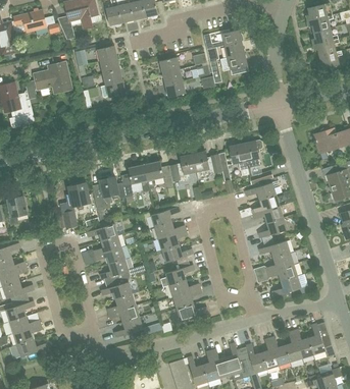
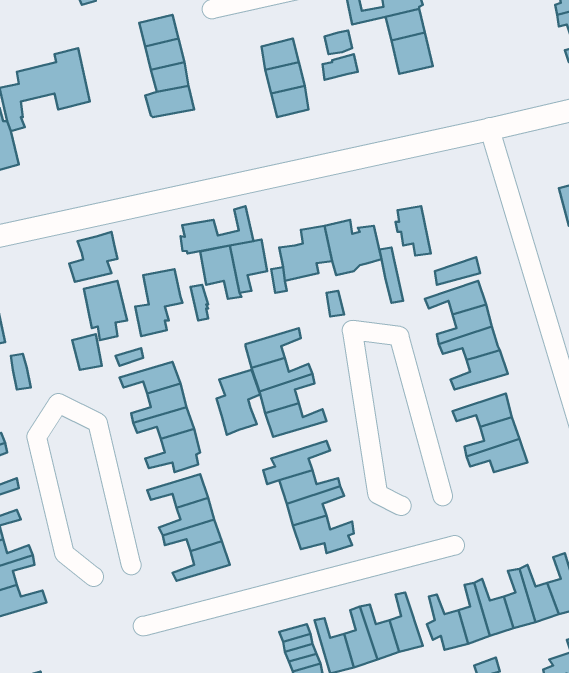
building: [242,141,261,168] -> none
building: none -> [181,206,254,253]
building: none -> [69,232,117,282]
building: none -> [216,370,260,435]
building: [271,276,302,301] -> none

